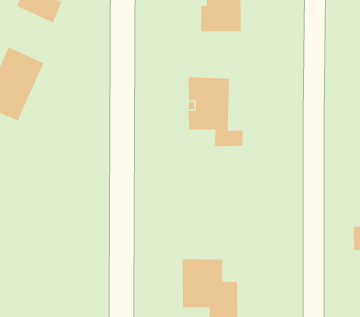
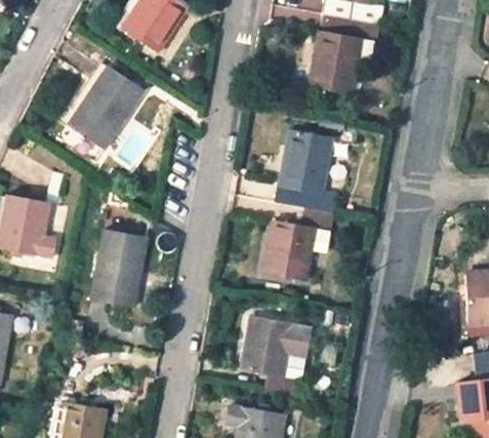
building: none -> [262,208,333,280]
building: none -> [90,229,146,305]

